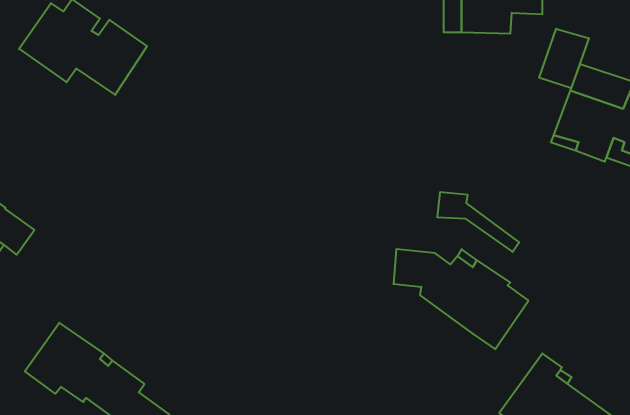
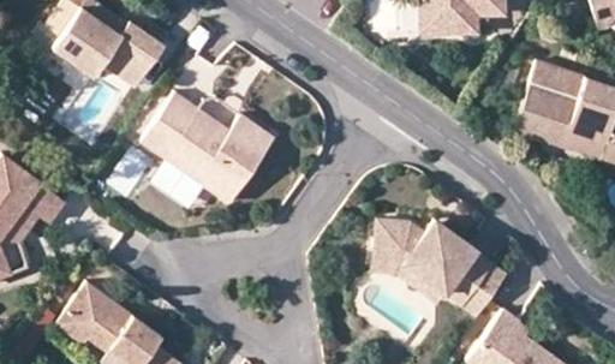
building: [539,29,589,88] -> none
building: none -> [139,93,273,203]
building: [437,192,519,252] -> [372,250,443,302]

